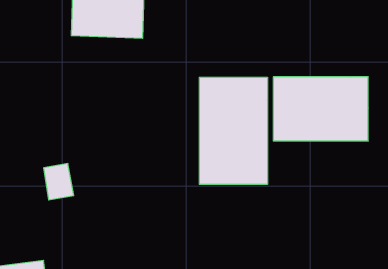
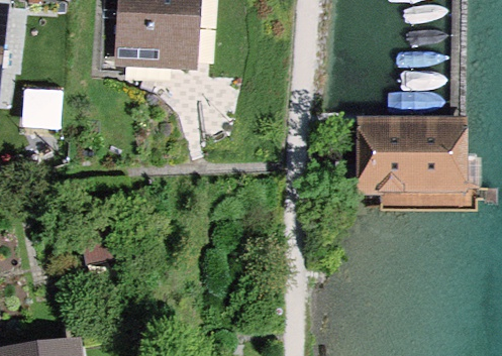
building: [199,77,267,184] -> none

